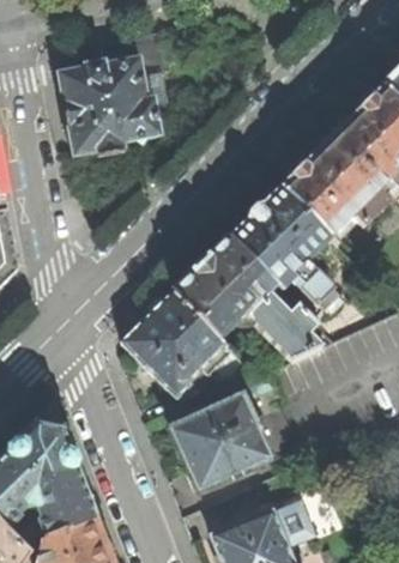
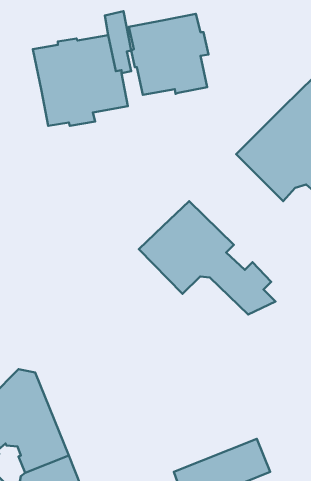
building: none -> [129,14,208,95]
building: [226,186,341,314] -> none
building: [120,290,230,396] -> none
building: [169,396,268,489] -> none

